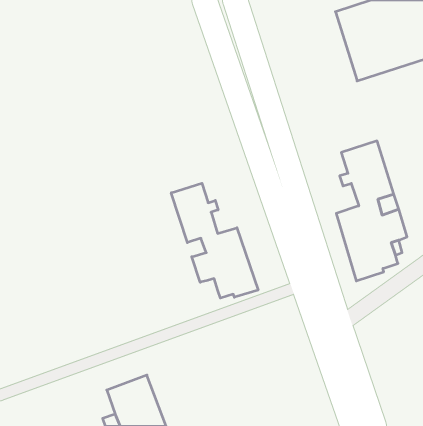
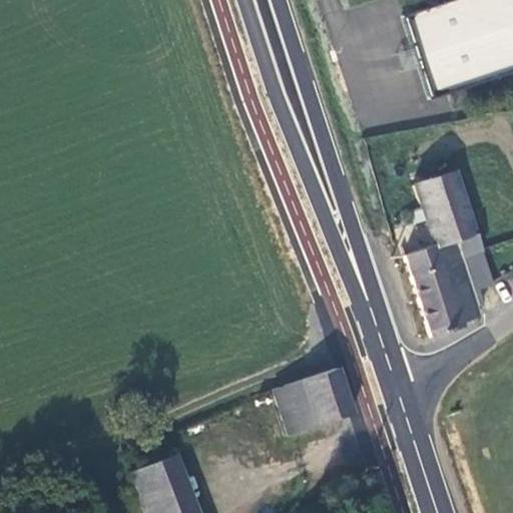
building: [171,183,258,298] -> none
building: none -> [281,367,358,433]

